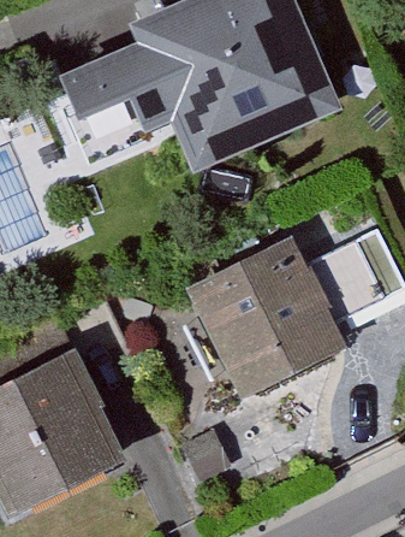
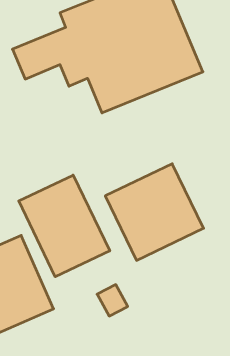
building: none -> [19,175,110,277]

